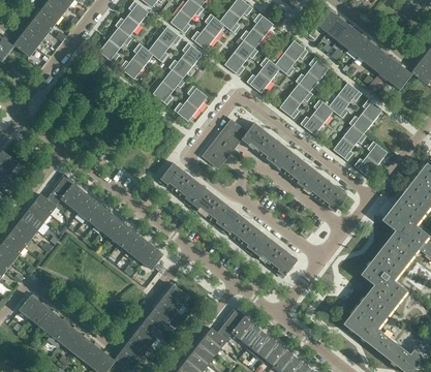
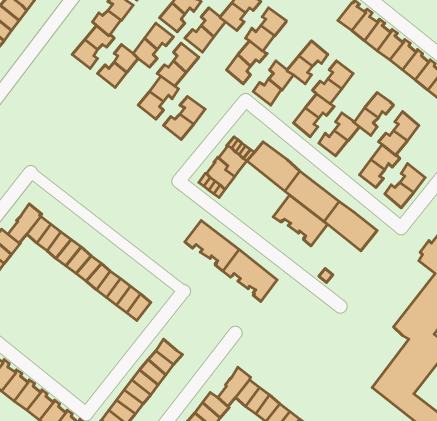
building: [159,162,204,205] -> none
building: [252,236,297,277] -> [273,195,327,246]

